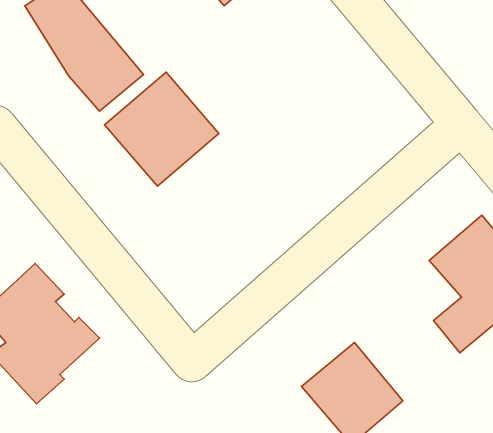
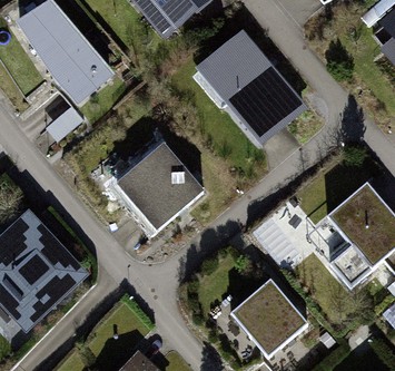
building: none -> [208,33,302,140]
building: [105,72,219,186] -> [116,143,203,230]

